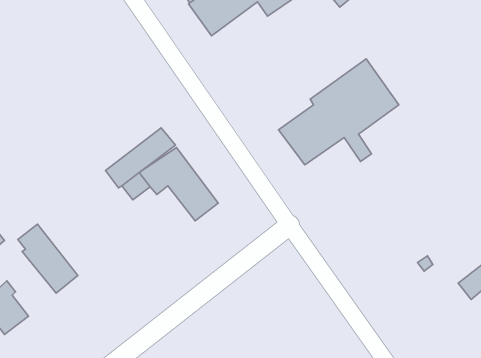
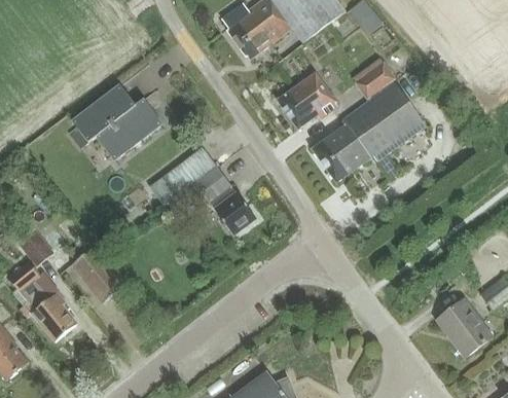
building: none -> [352,57,396,99]
building: none -> [277,71,338,128]
building: none -> [69,82,161,157]
building: none -> [436,298,492,356]

